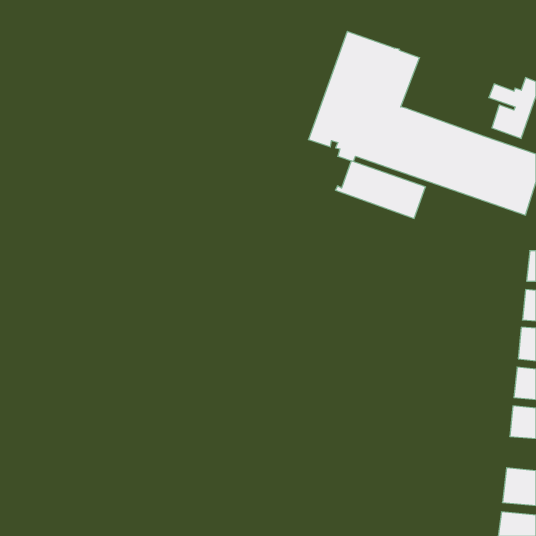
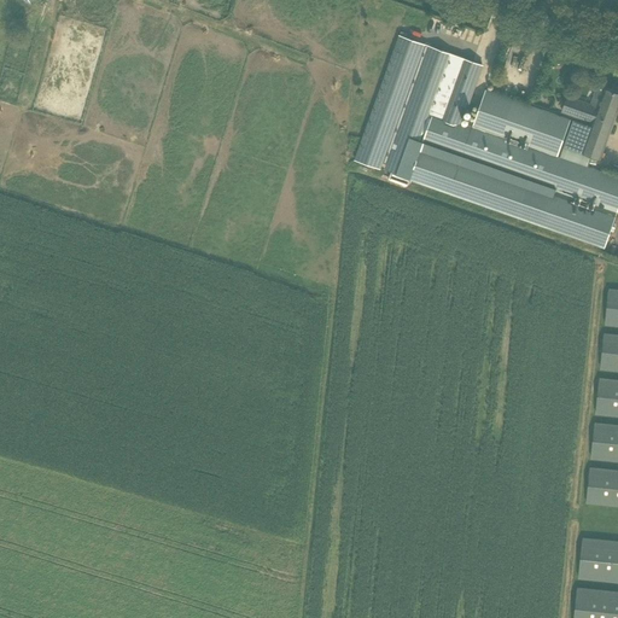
building: [335,161,426,218] -> [467,91,571,157]

